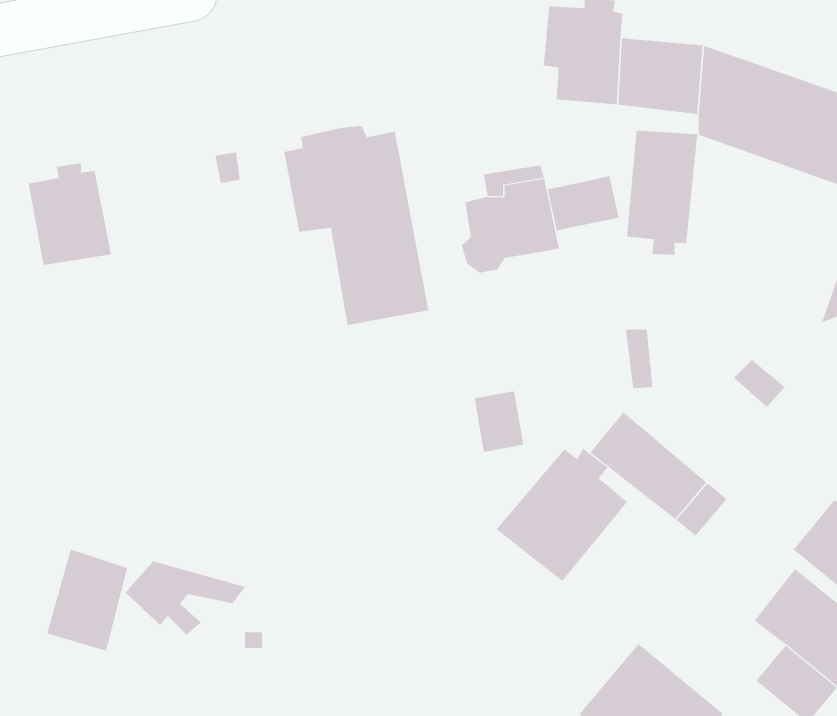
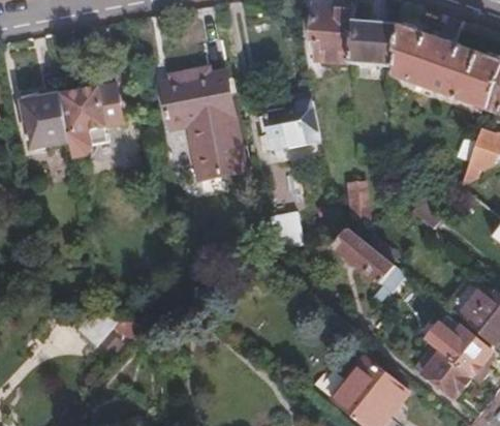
building: [627,130,698,255] -> none
building: none -> [60,82,121,157]
building: [547,176,619,231] -> none
building: [496,448,628,582] -> none
building: [47,549,128,651] -> none

